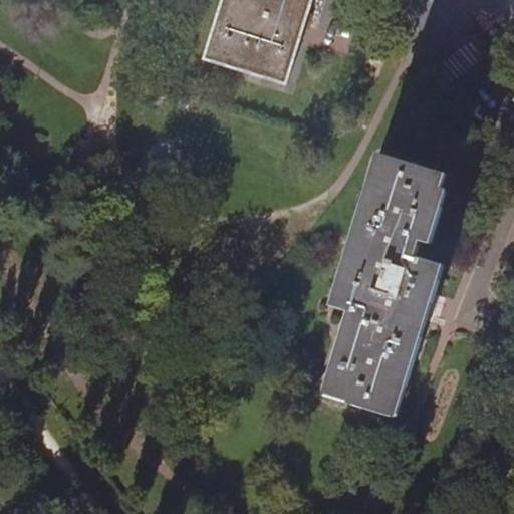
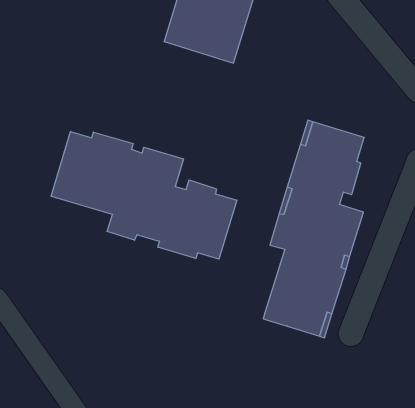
building: none -> [51,131,237,259]

